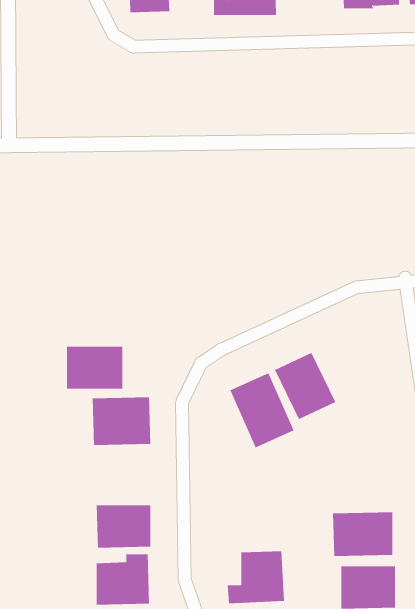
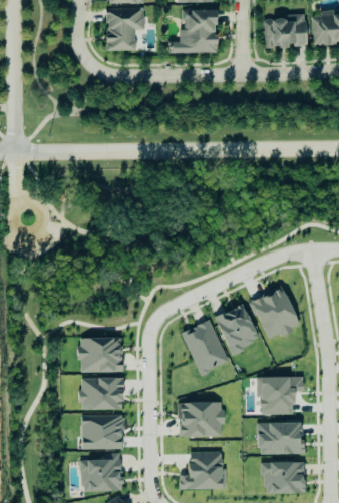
building: none -> [251,286,301,340]
building: [66,346,123,389] -> [81,378,123,410]
building: none -> [257,376,304,415]
building: none -> [180,402,224,437]

